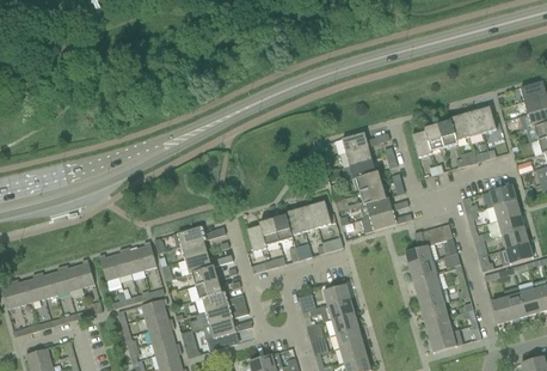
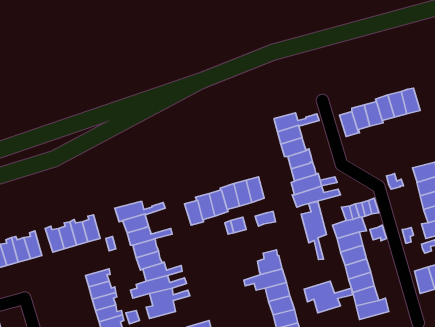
building: none -> [301,202,327,260]
building: none -> [304,281,353,313]

